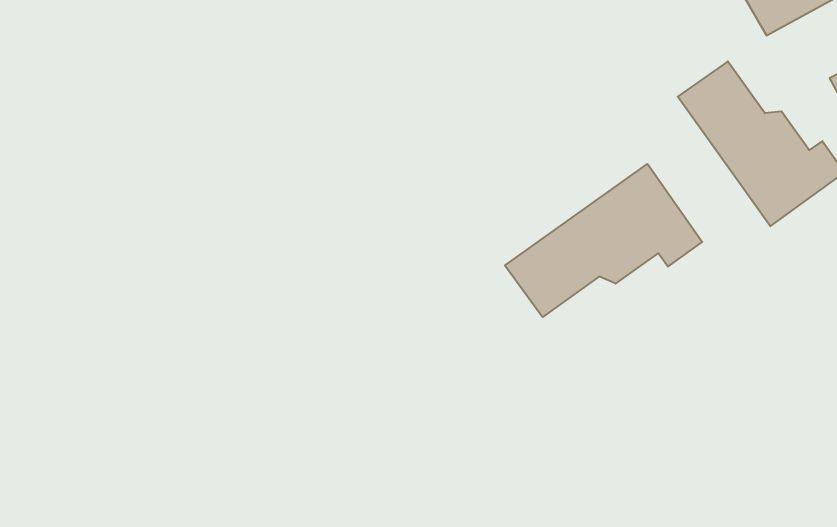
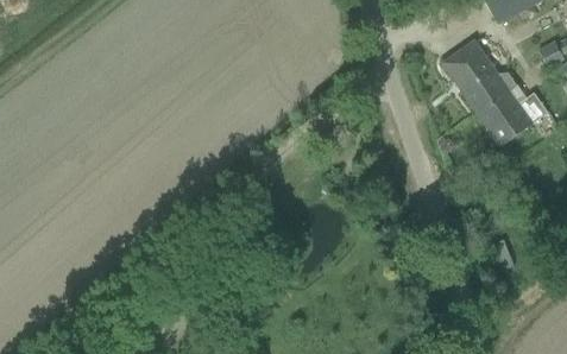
building: [505,164,702,317] -> none

